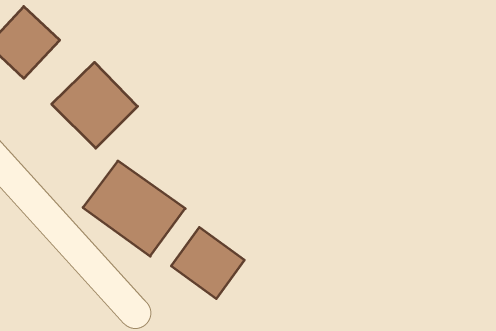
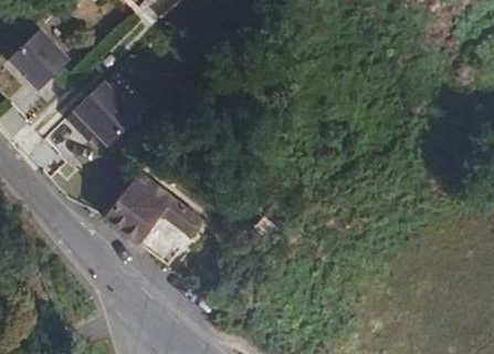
building: [171,227,244,299] -> none

